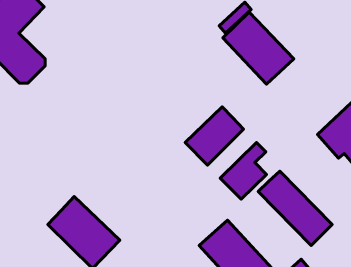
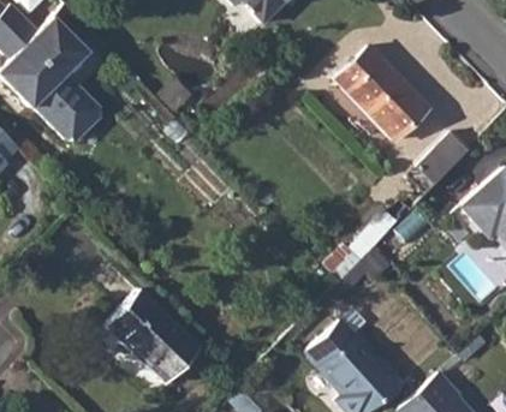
building: none -> [418,132,470,184]
building: [185,107,243,165] -> none
building: [258,171,332,246] -> none

